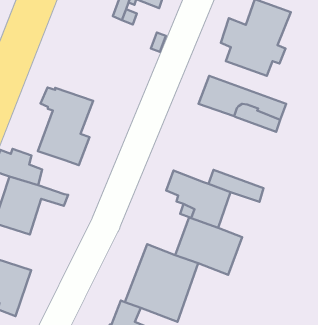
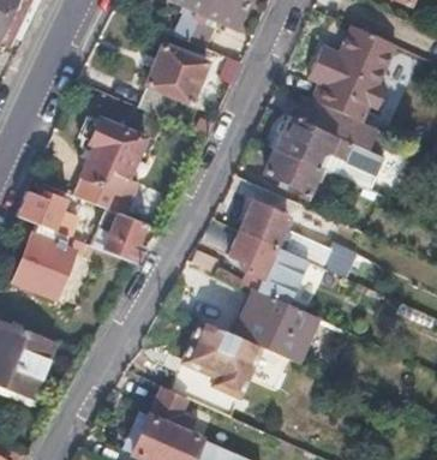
building: none -> [139,42,209,118]
building: none -> [267,149,321,196]
building: none -> [240,201,289,246]
building: none -> [96,208,146,263]

